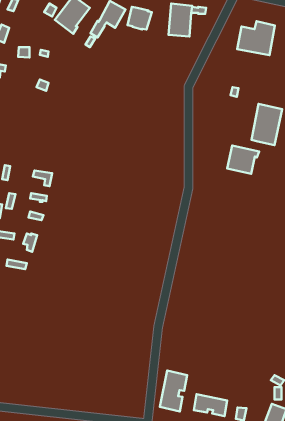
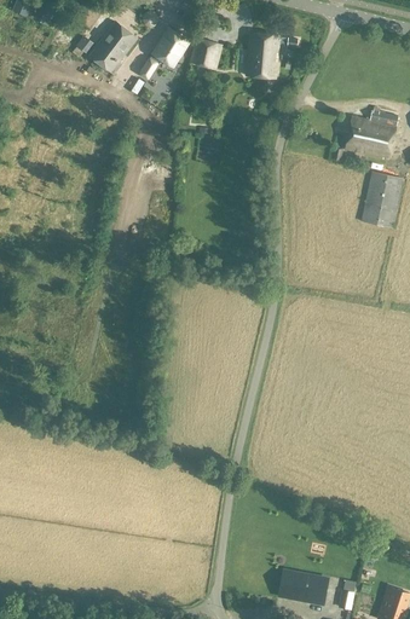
building: [237,21,275,55] -> [345,109,397,156]
building: [227,146,259,174] -> none
building: [160,371,187,411] -> none

